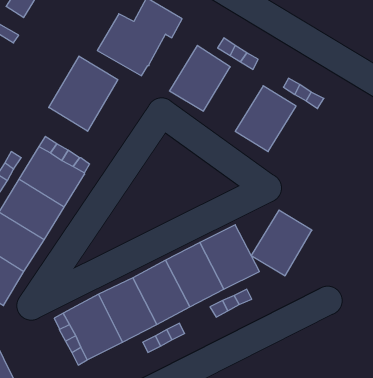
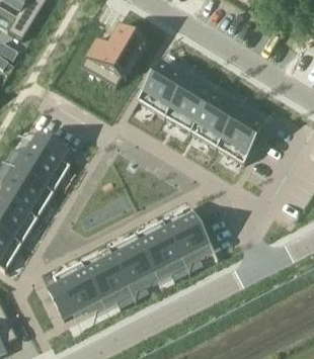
building: [49,56,118,131] -> none
building: none -> [165,79,213,130]
building: [251,210,312,276] -> [217,110,265,163]

